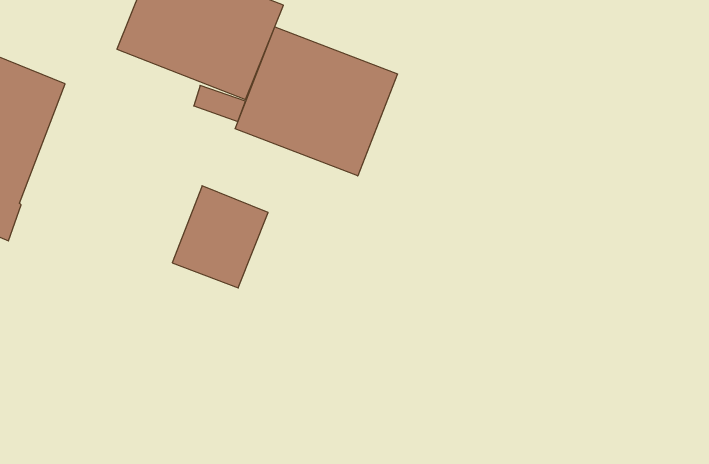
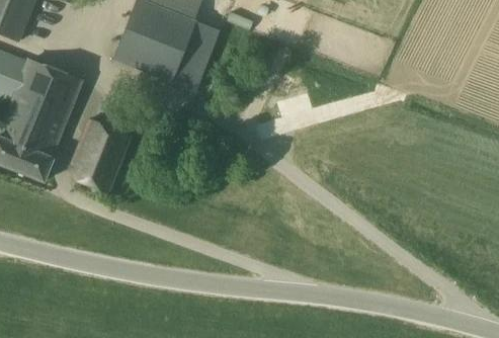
building: [235,27,397,176] -> none
building: [172,186,268,288] -> [70,118,132,184]

